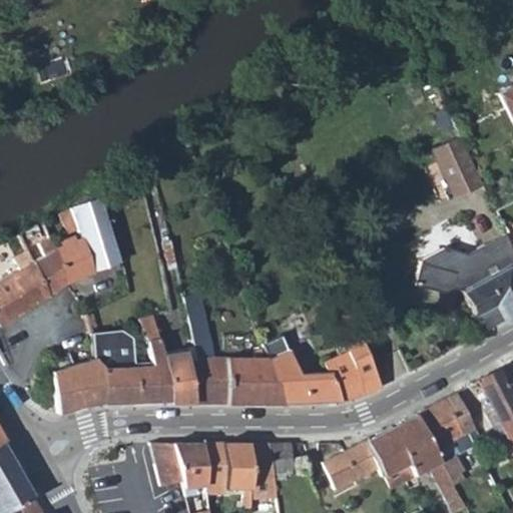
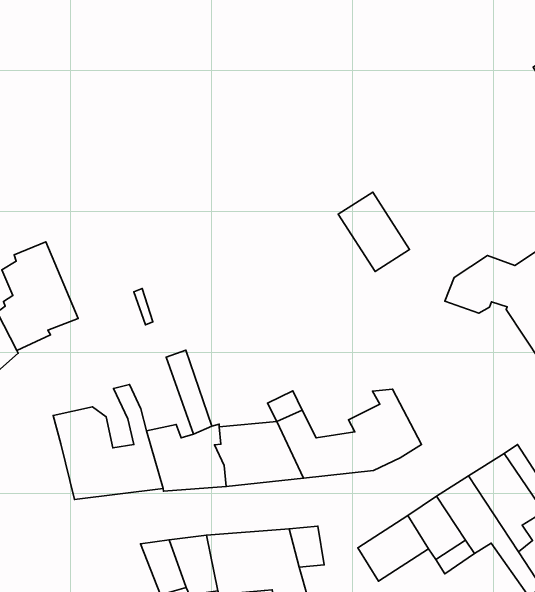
building: [429,136,483,199] -> [338,192,410,272]
building: [54,360,102,415] -> none

